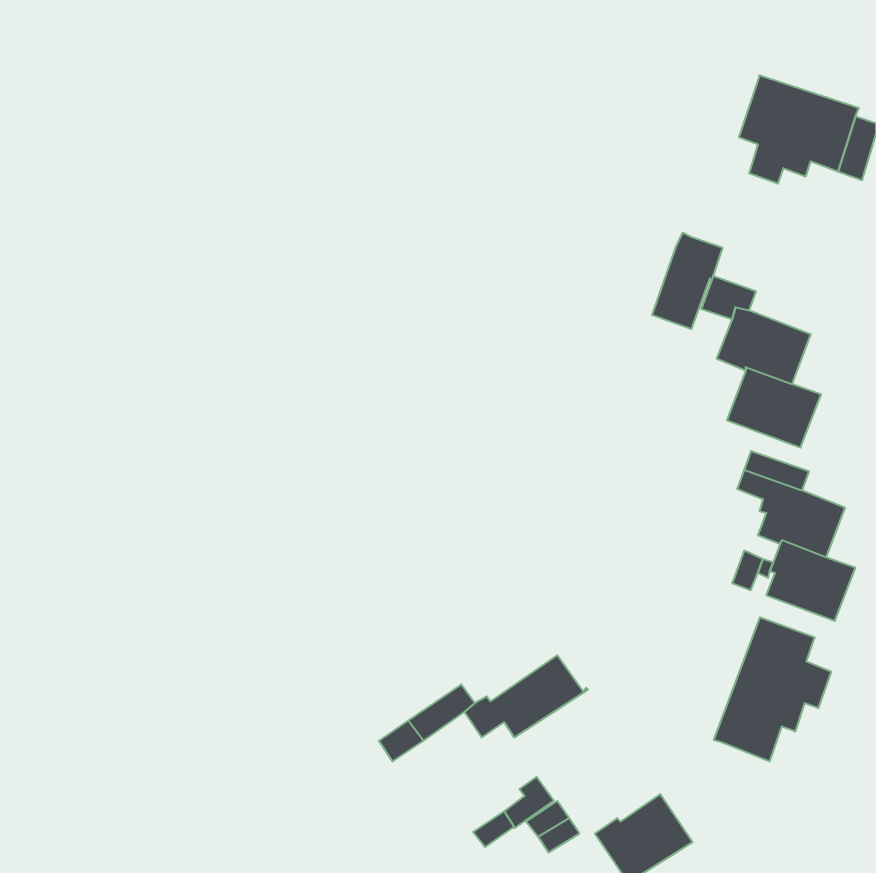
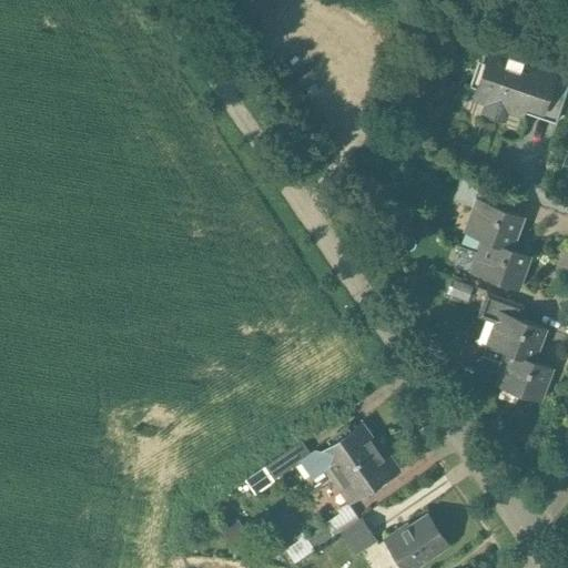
building: [652,233,723,329] -> none
building: [714,617,831,761] -> none
building: none -> [333,448,396,501]

